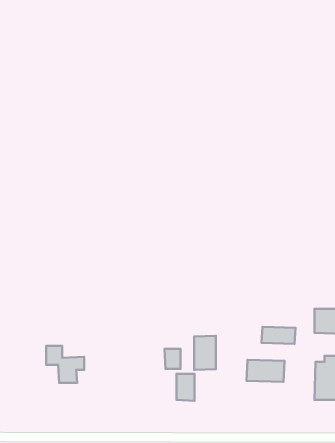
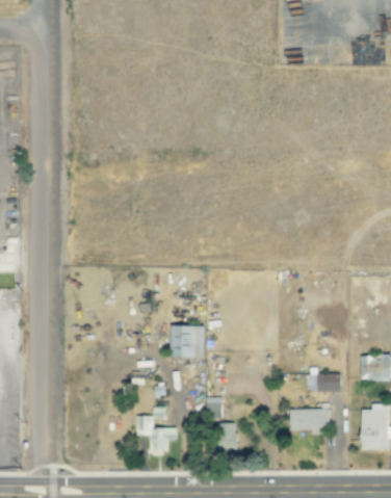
building: none -> [172,324,206,358]
building: [194,336,216,370] -> none
building: [46,346,84,383] -> [137,415,177,453]

